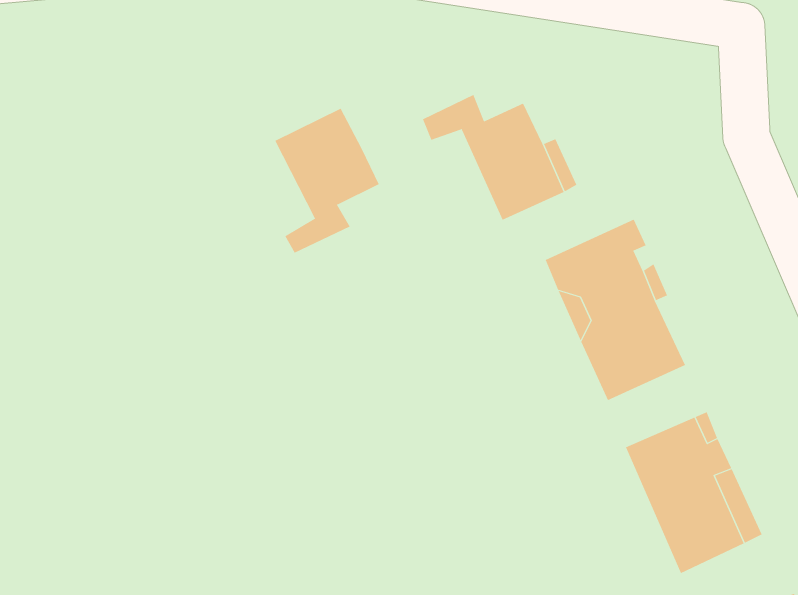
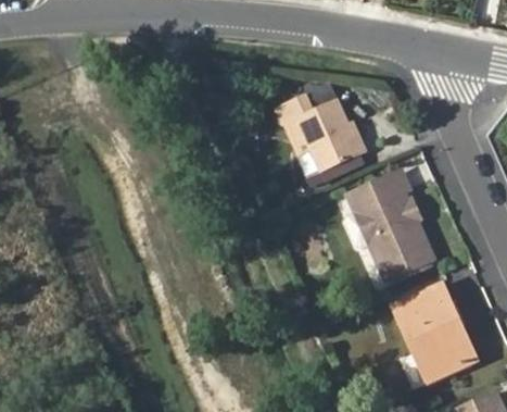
building: [275,108,379,253] -> none

